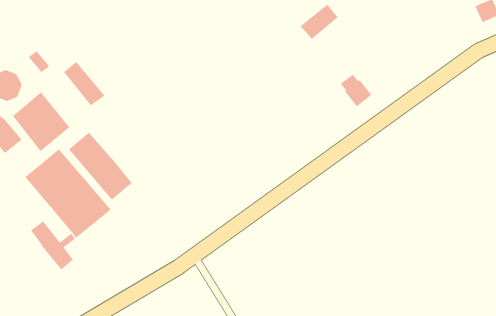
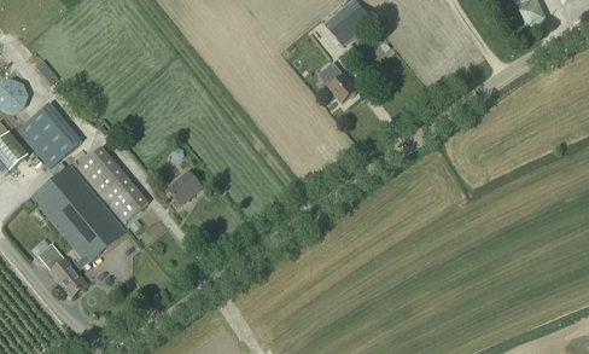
building: [63,61,105,106] -> none
building: [340,74,372,107] -> [321,66,356,103]
building: none -> [167,169,200,203]

